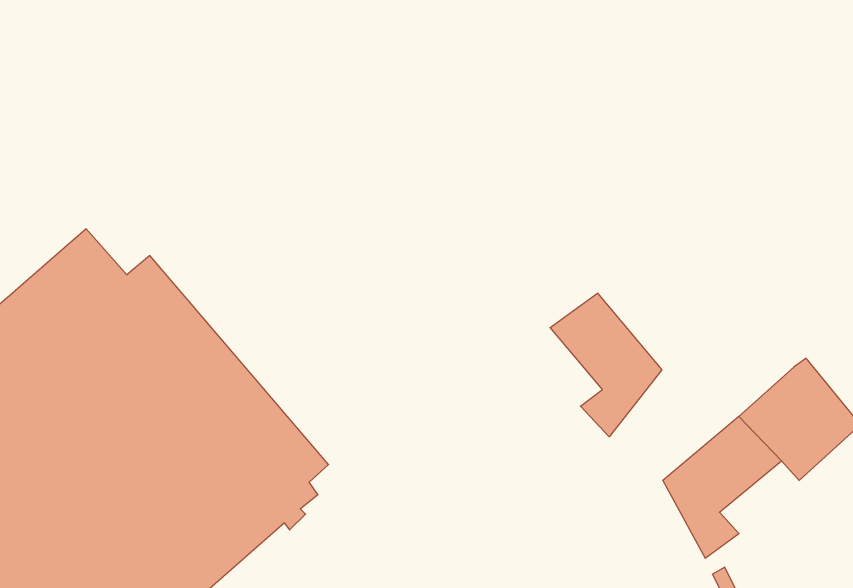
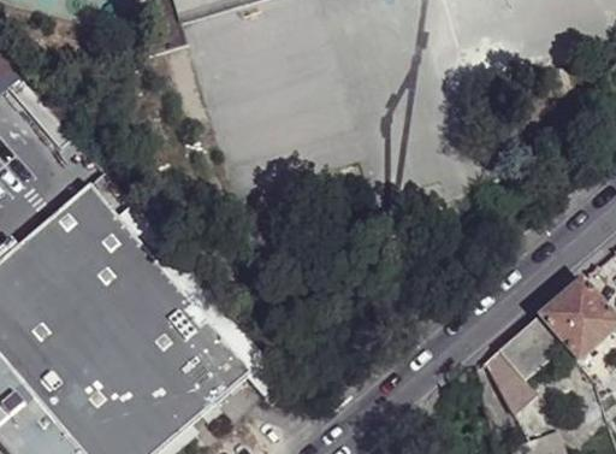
building: [550,293,662,437] -> none

